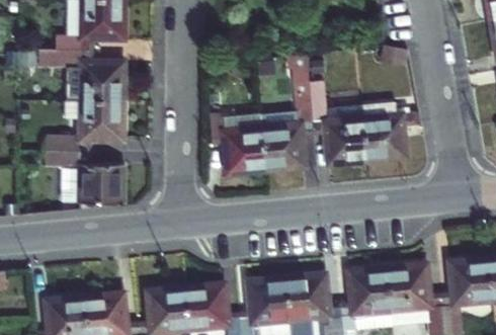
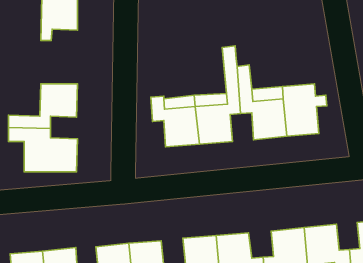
building: [40,50,125,100] -> none

